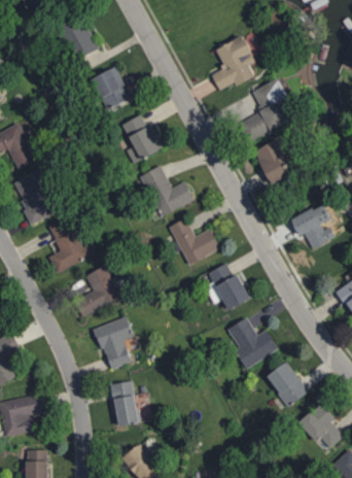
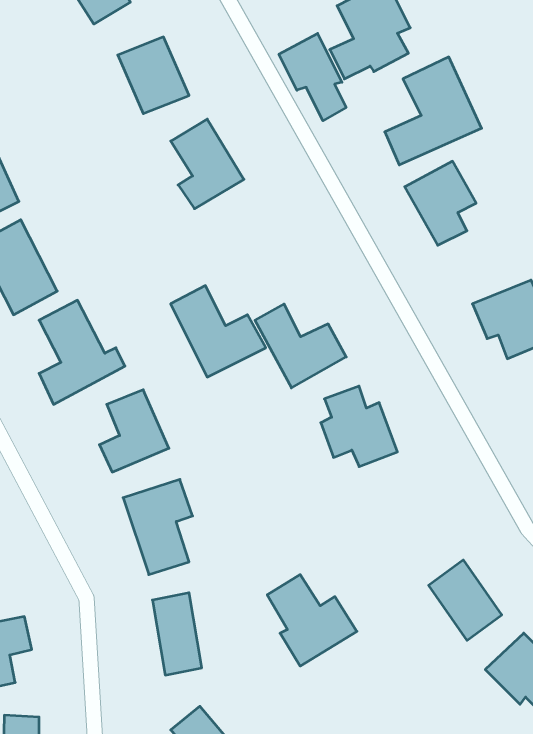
building: none -> [279,33,346,121]
building: [141,165,195,216] -> [171,286,266,377]
building: [227,317,278,369] -> [267,575,357,666]

